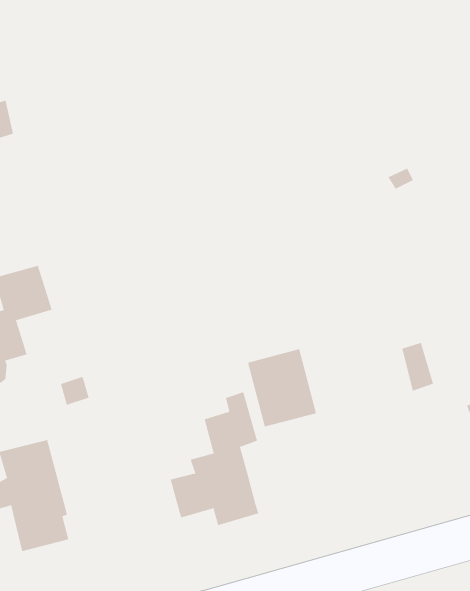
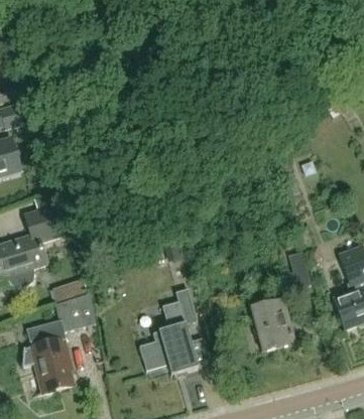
building: [247,349,317,427] -> [250,298,295,350]
building: none -> [62,292,94,327]

